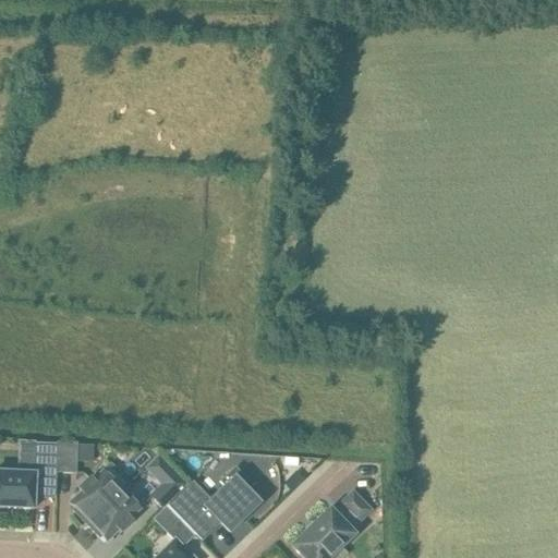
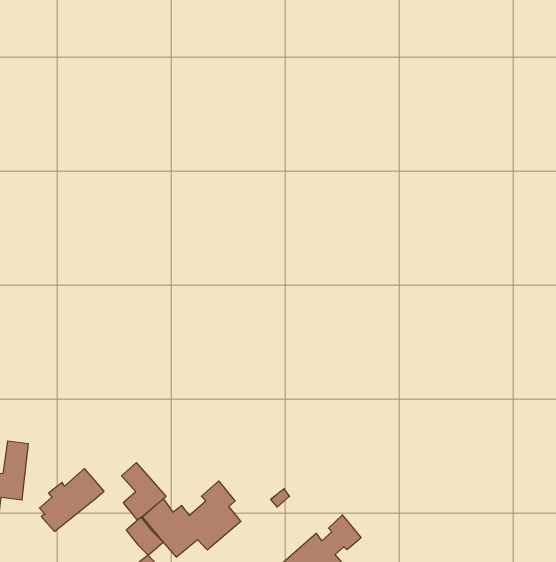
building: [57,440,78,471] -> none
building: [87,489,141,538] -> none

